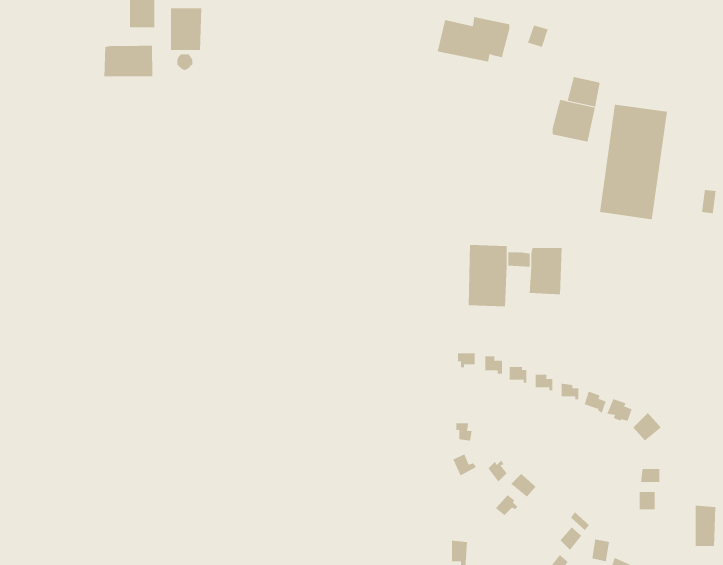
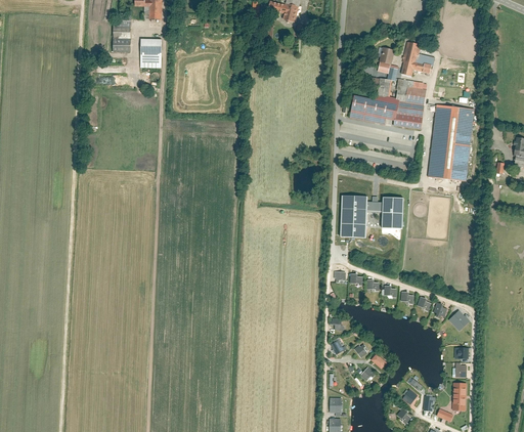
building: none -> [400,43,434,76]
building: [437,17,510,62] -> [352,92,401,123]
building: [104,45,153,77] -> none
building: [695,505,716,547] -> [451,381,466,408]

